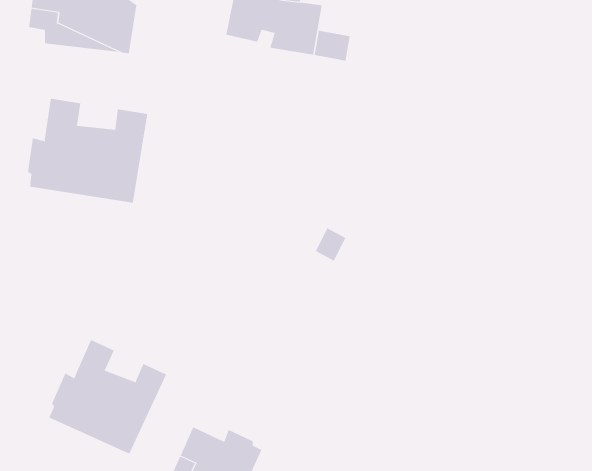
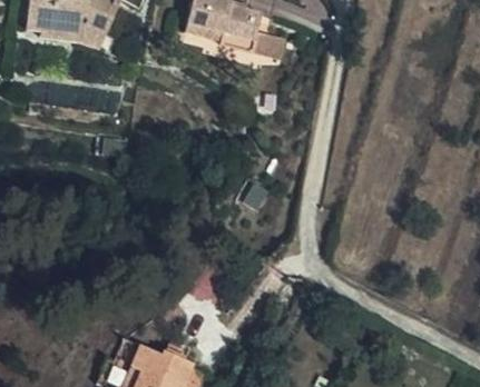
building: [27,98,148,203] -> none
building: [49,339,167,455] -> none

